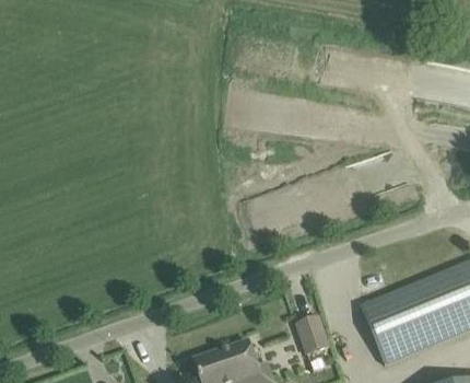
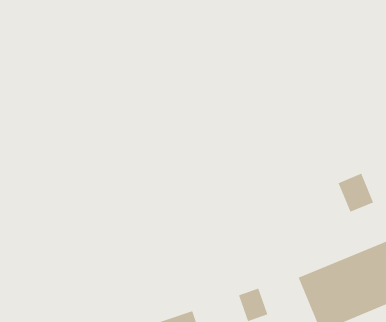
building: none -> [338,173,374,213]

